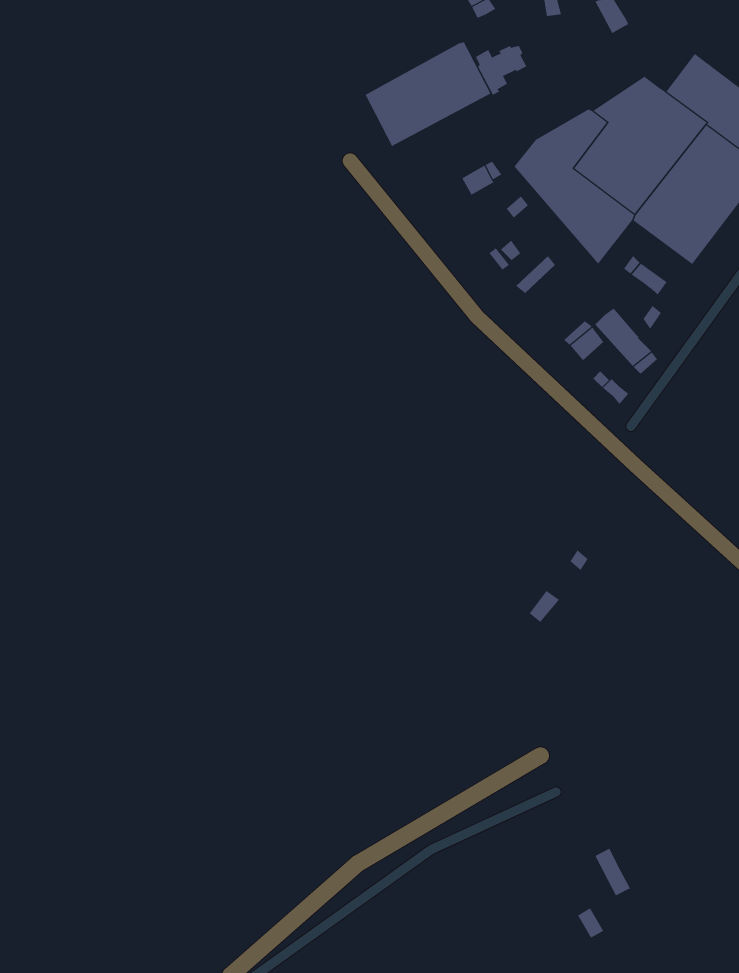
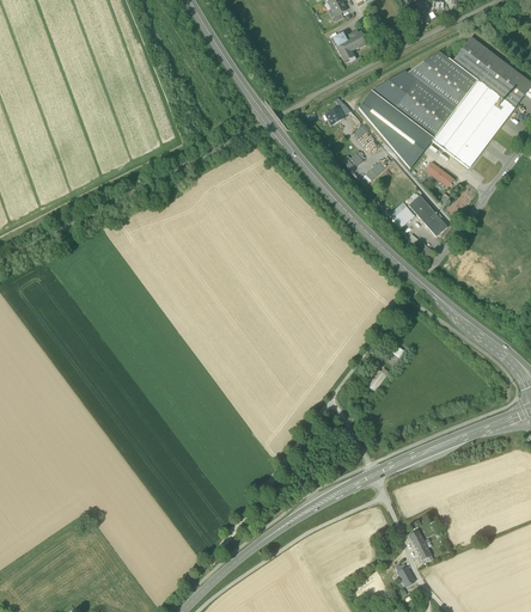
building: [365,42,491,147] -> none

